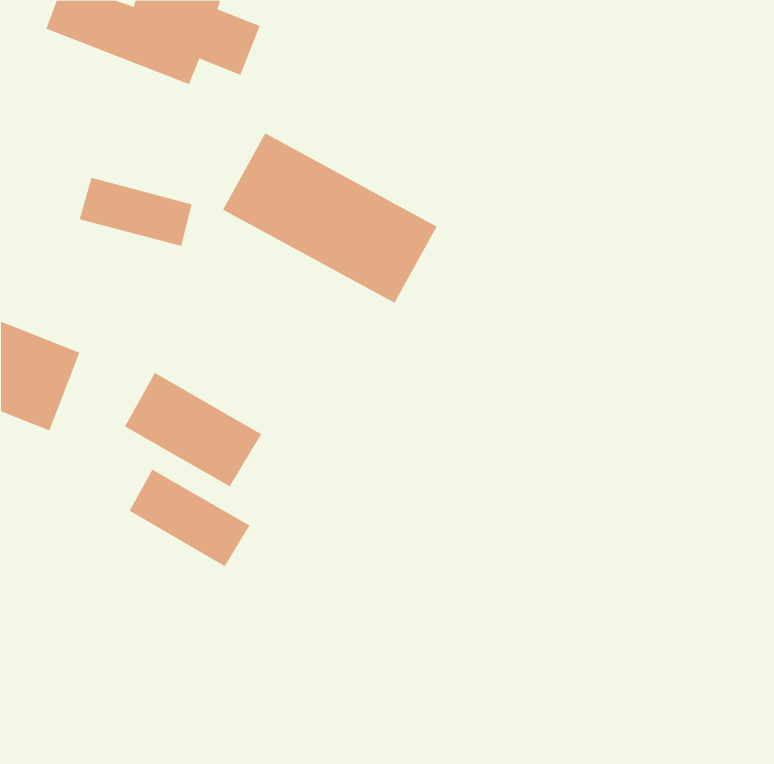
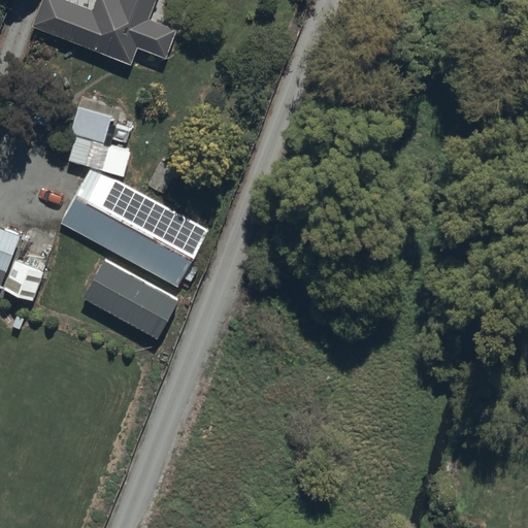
building: [222,133,437,303] -> [58,169,204,286]
building: [129,469,250,567] -> none

